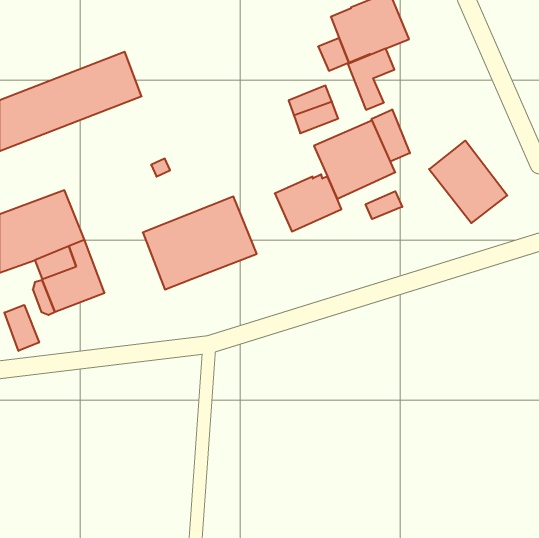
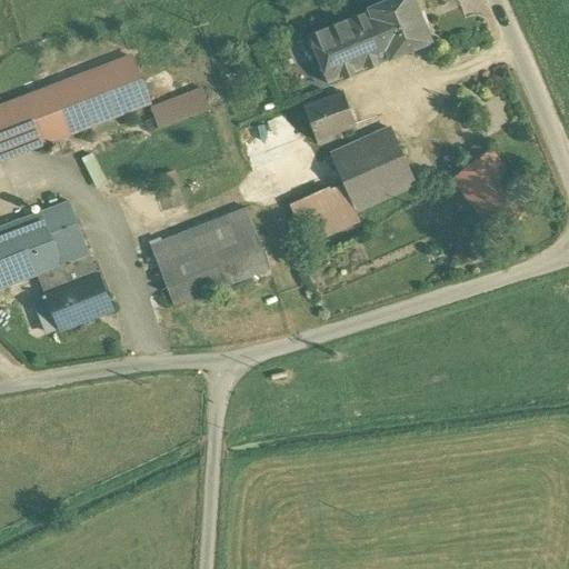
building: [348,48,394,110] -> [308,18,357,82]
building: none -> [151,88,209,127]
building: [372,109,410,162] -> none
building: [366,191,402,219] -> none
building: [4,305,39,351] -> none

